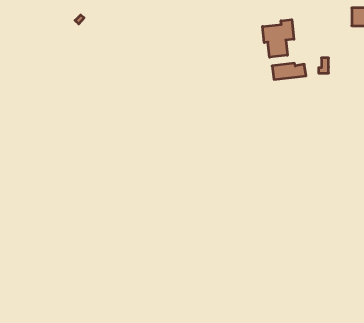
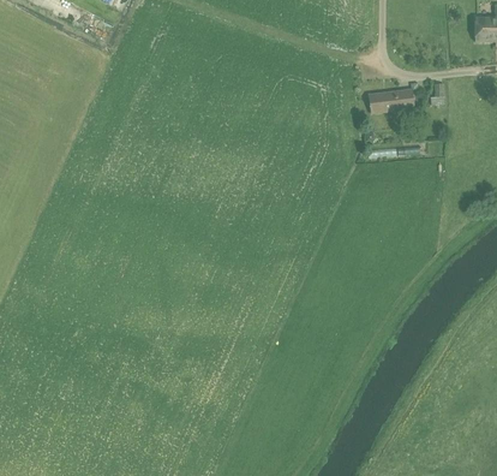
building: [263,20,294,57] -> none

